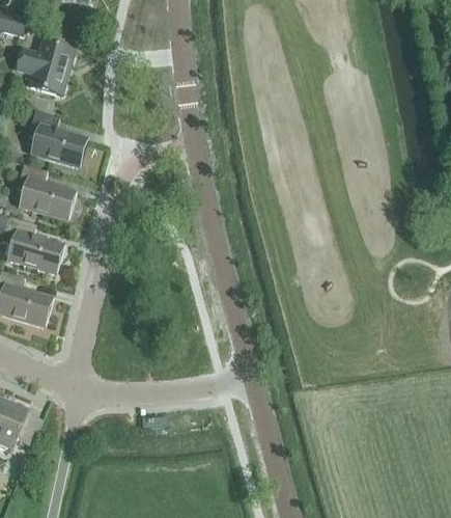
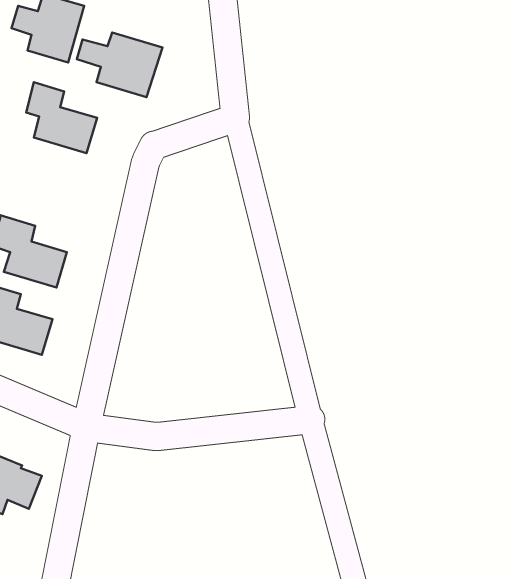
building: none -> [77,32,162,97]
building: [17,162,74,218] -> none

